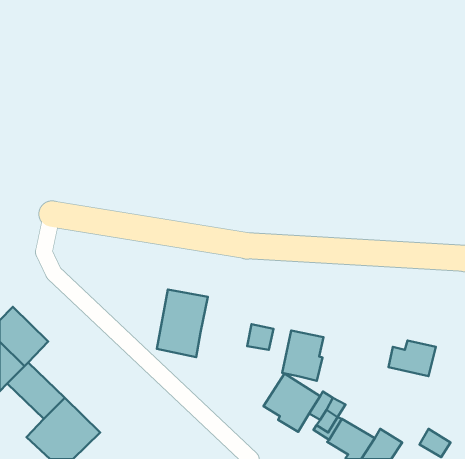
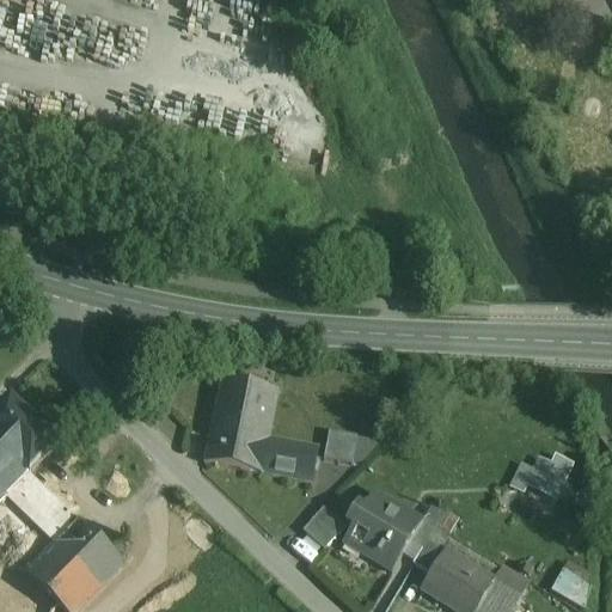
building: [282,331,324,381] -> none
building: none -> [257,436,313,477]
building: none -> [300,504,343,547]

